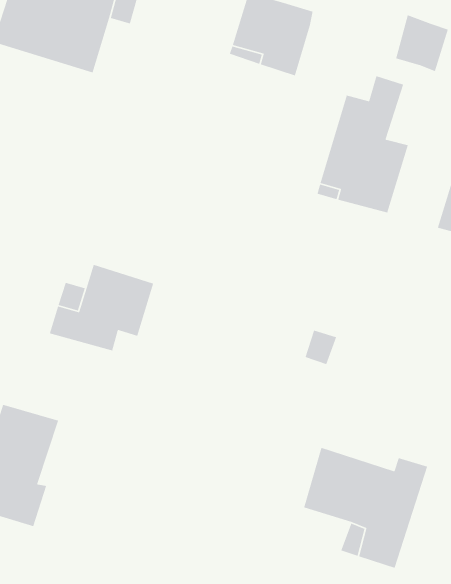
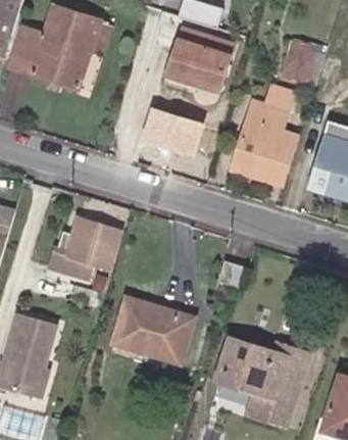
building: none -> [140,107,205,158]
building: none -> [113,300,194,365]

